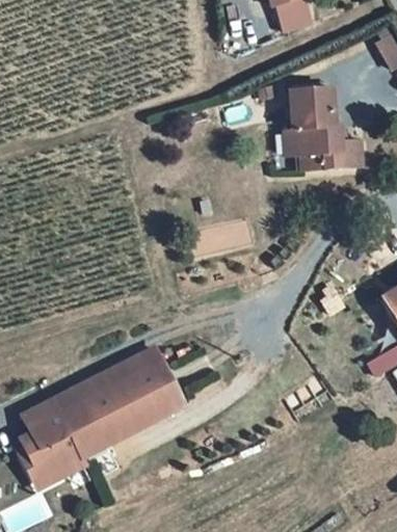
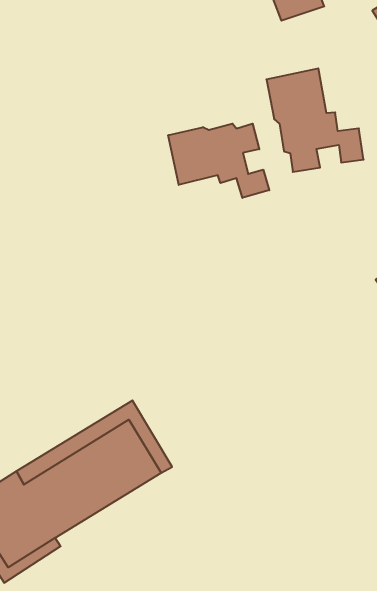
building: none -> [168,124,269,198]

